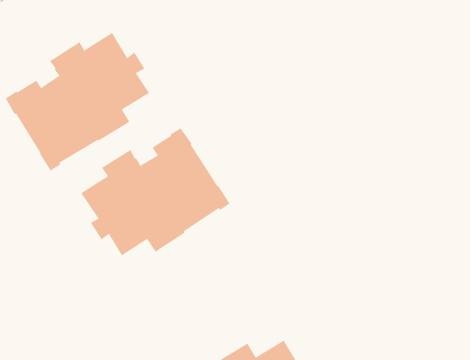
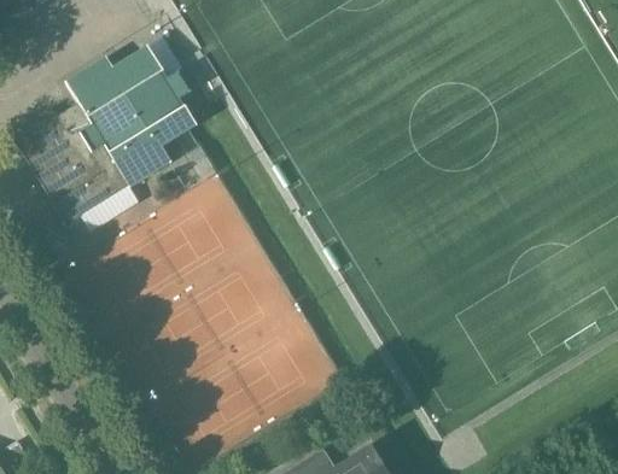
building: [81,128,230,256] -> none

